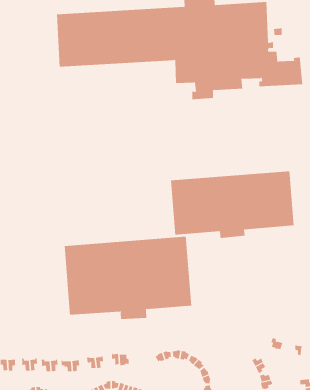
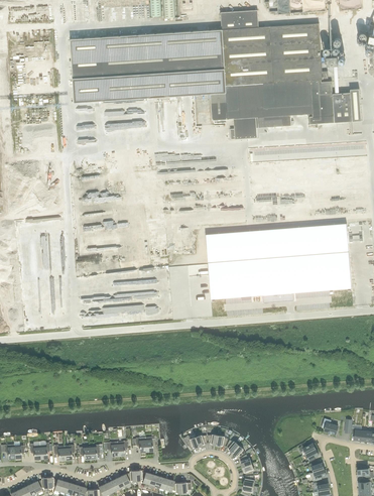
building: [64,236,192,320] -> none

